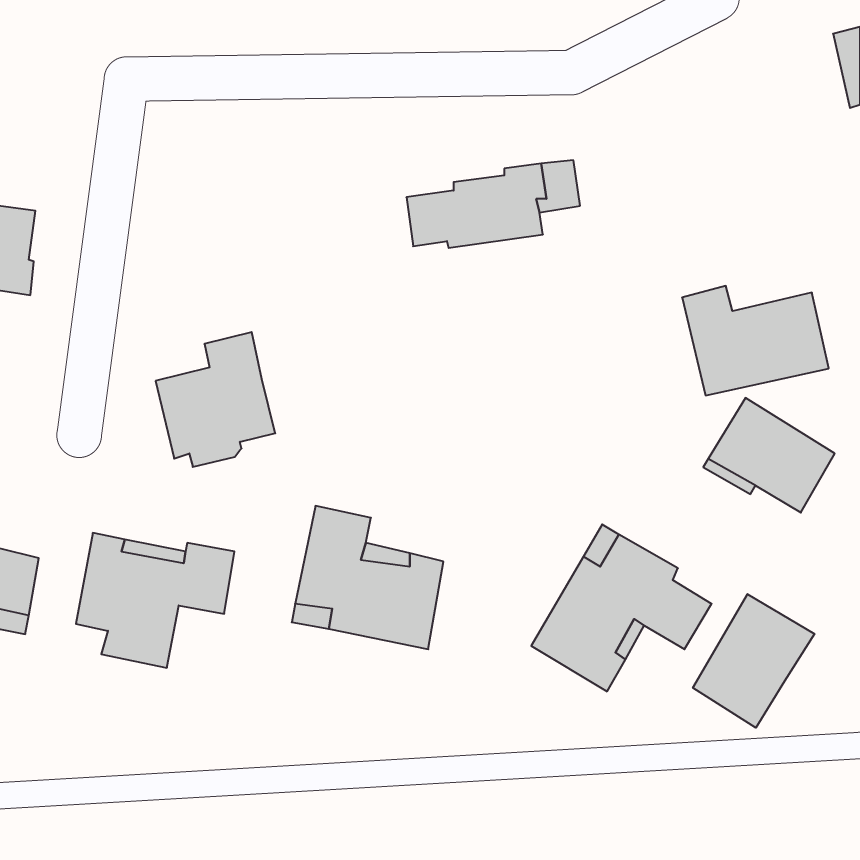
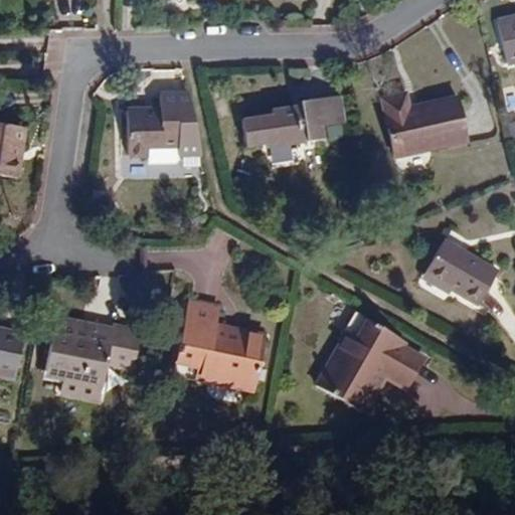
building: [682,286,829,395] -> [380,92,468,157]
building: [156,332,275,467] -> [131,91,202,171]
building: [693,594,814,728] -> none

